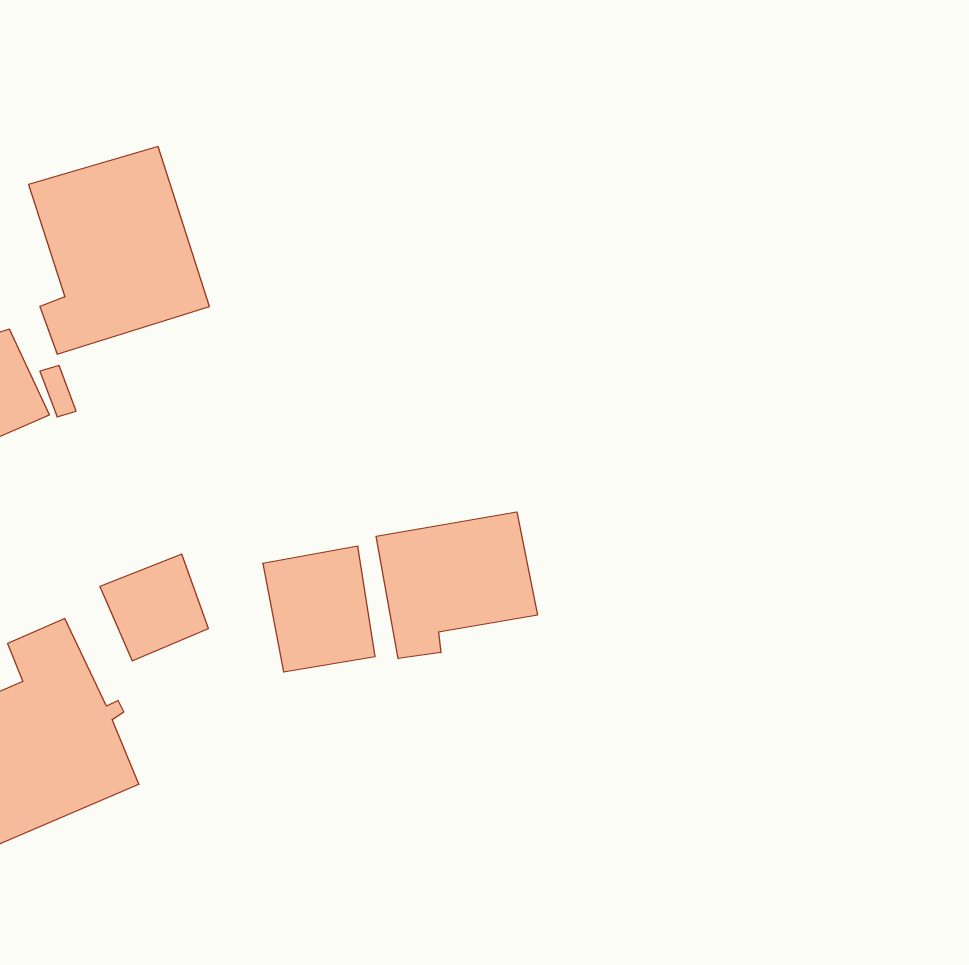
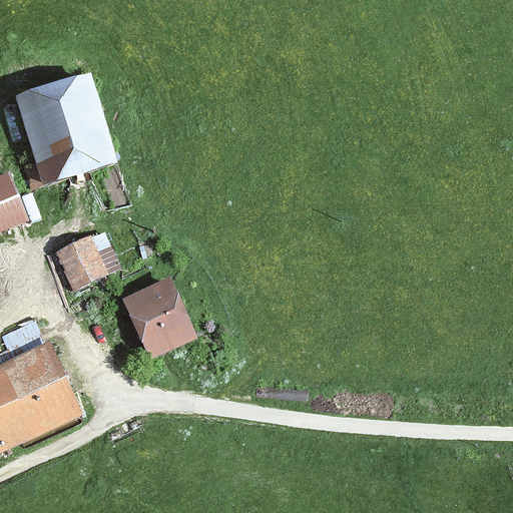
building: [376,512,537,659] -> none
building: [100,554,208,661] -> [57,230,114,287]

